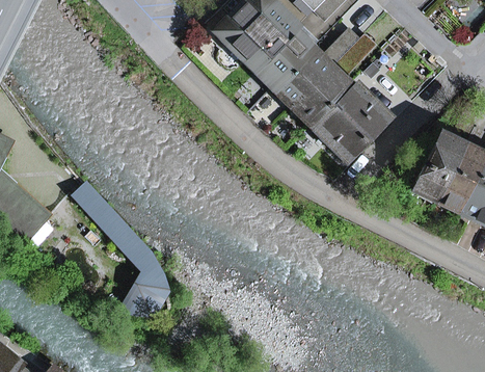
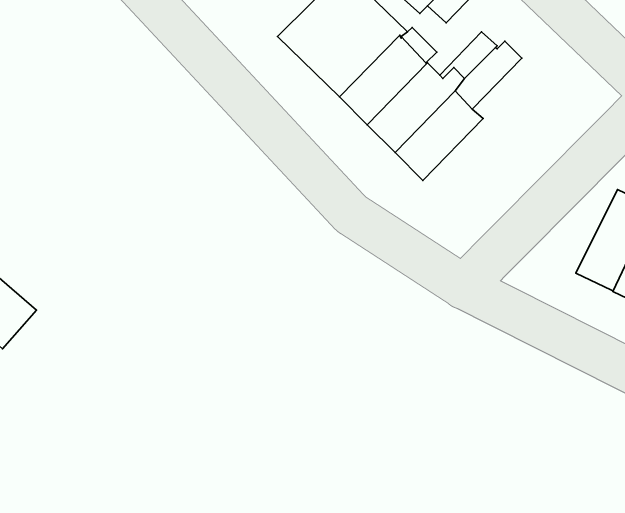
building: [311,81,389,161] -> none
building: [60,170,167,314] -> none

